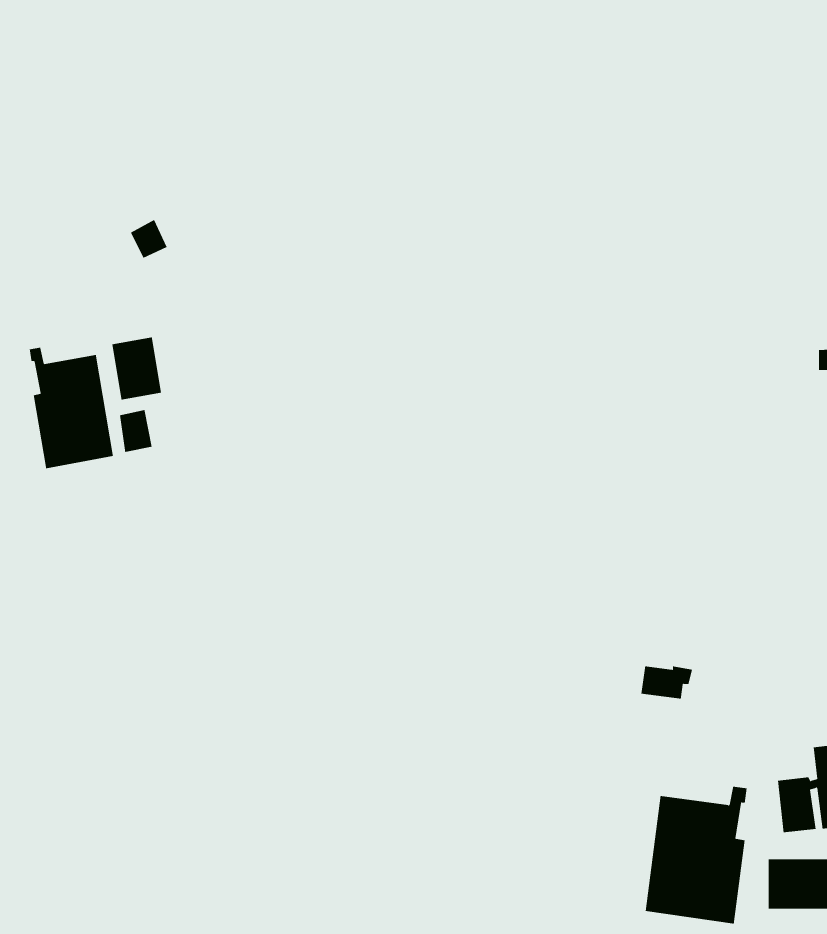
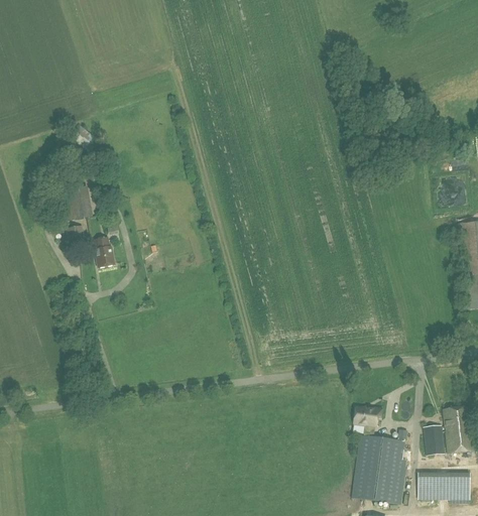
building: [29,347,113,469] -> none
building: none -> [95,239,115,269]
building: [641,666,693,699] -> [354,407,382,425]

